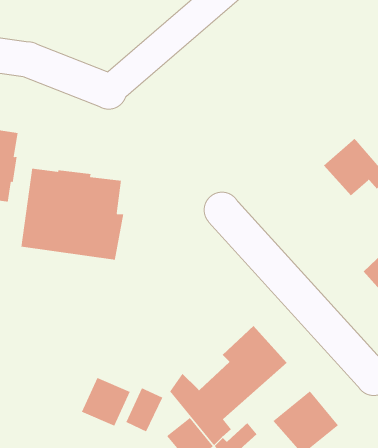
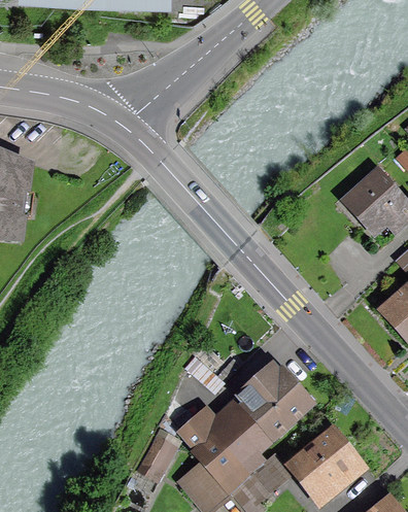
building: [21,168,124,261] -> none
building: [81,377,130,426] -> none

